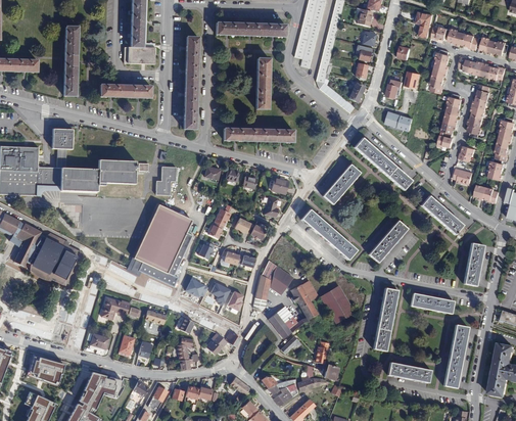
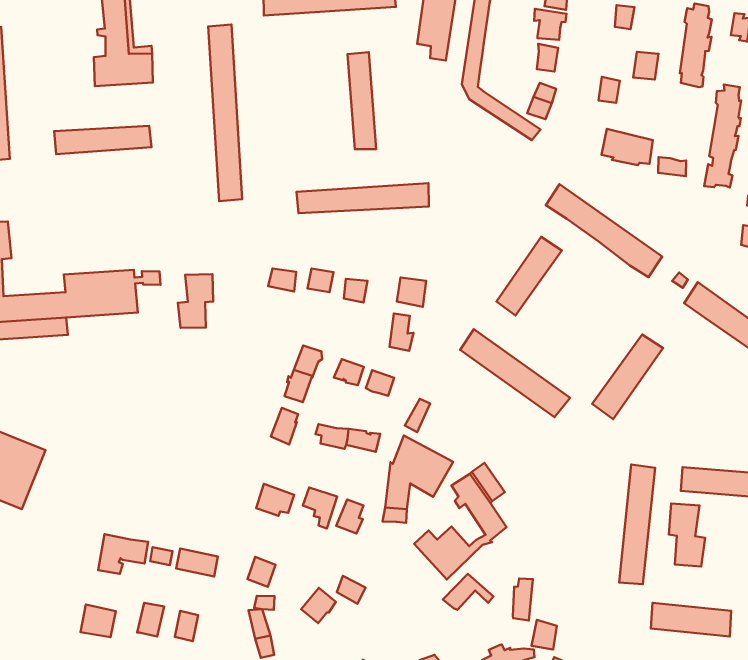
building: [131,205,193,287] -> none
building: [320,284,356,324] -> none
building: none -> [669,503,705,566]

